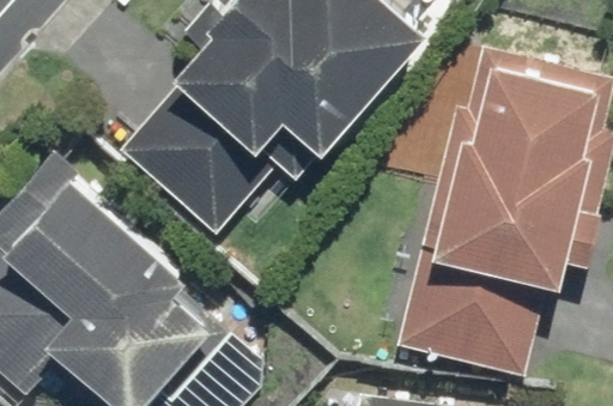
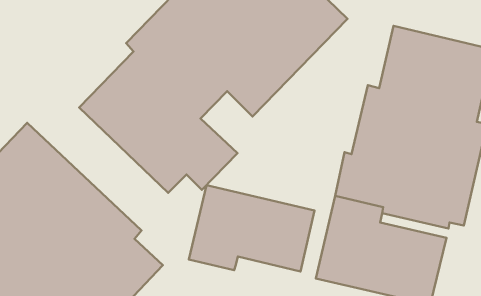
building: none -> [189,185,314,271]

